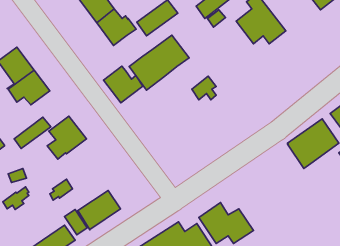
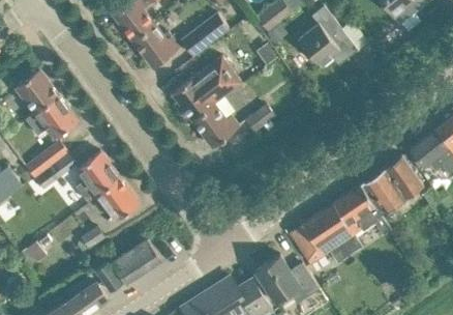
building: [104,66,143,103] -> [191,105,238,148]
building: none -> [24,140,68,179]
building: none -> [96,179,138,222]
building: none -> [289,185,389,264]

